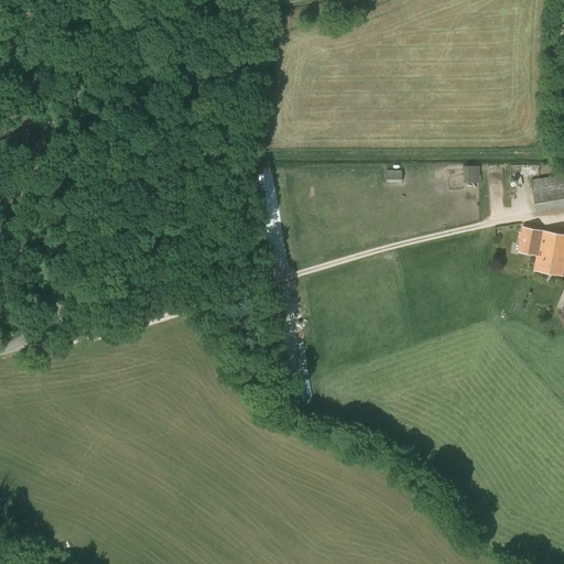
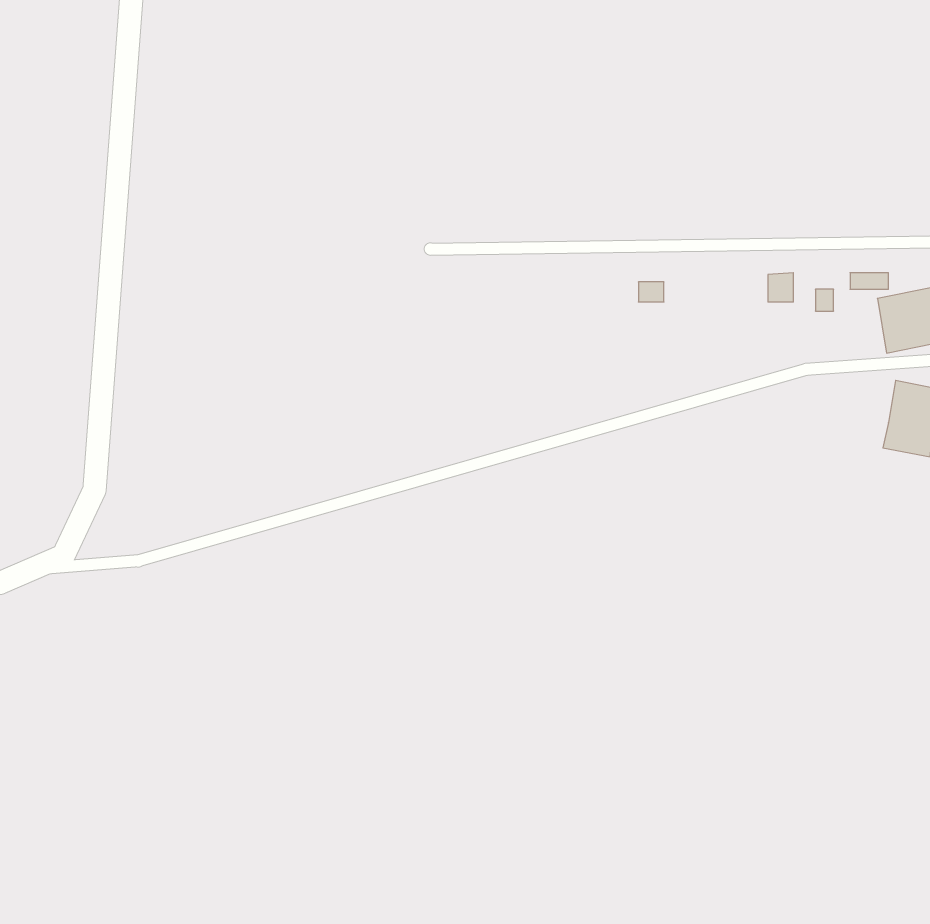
building: [519,227,542,256] -> none

